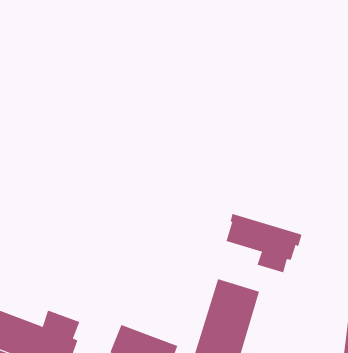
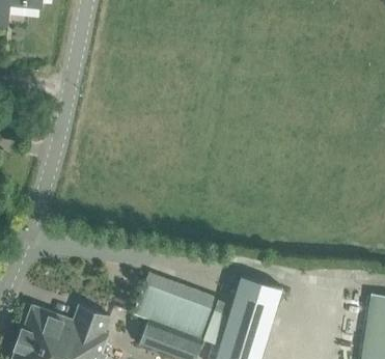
building: [226,213,302,273] -> none
building: none -> [133,284,214,339]

